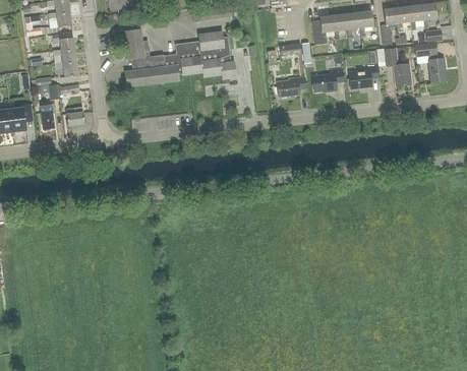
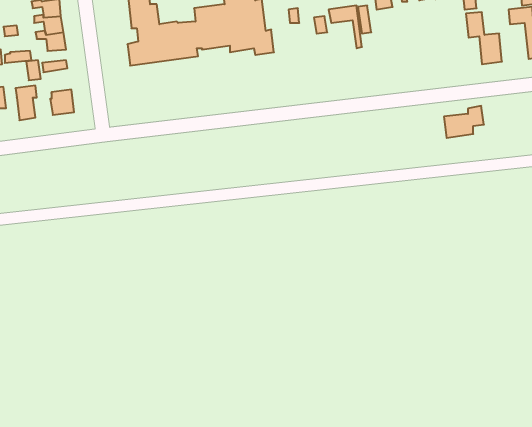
building: [349,64,380,88] -> [444,106,484,138]
building: [312,68,344,91] -> none
building: [278,76,306,97] -> none

